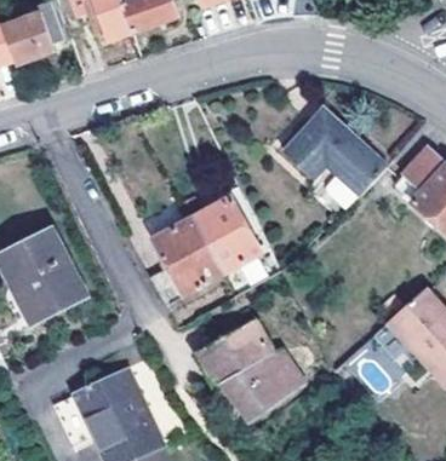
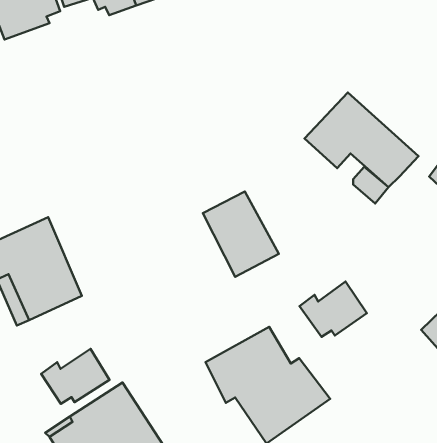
building: [149,215,222,302] -> none
building: none -> [300,282,367,337]
building: none -> [41,349,110,404]

